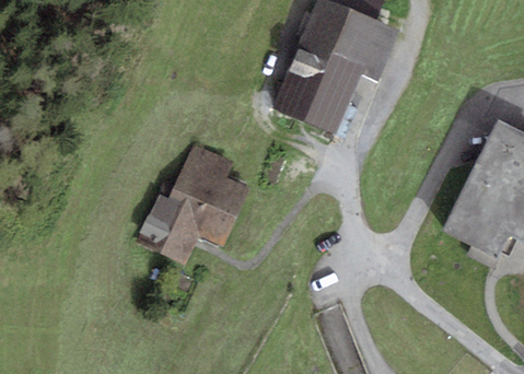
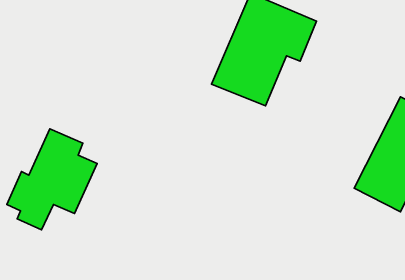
building: [142,142,251,264] -> [7,129,97,230]

